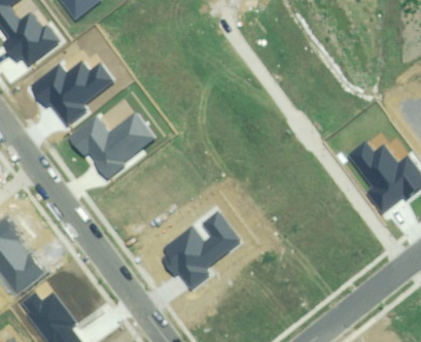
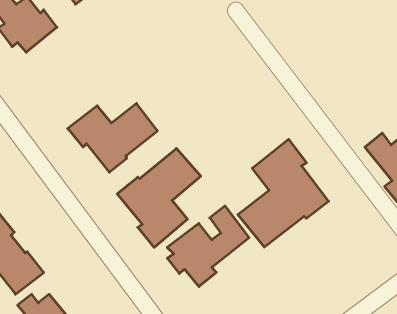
building: [32,61,112,124] -> none
building: none -> [238,139,329,247]
building: none -> [117,148,201,247]

